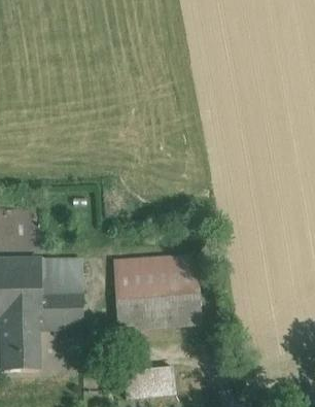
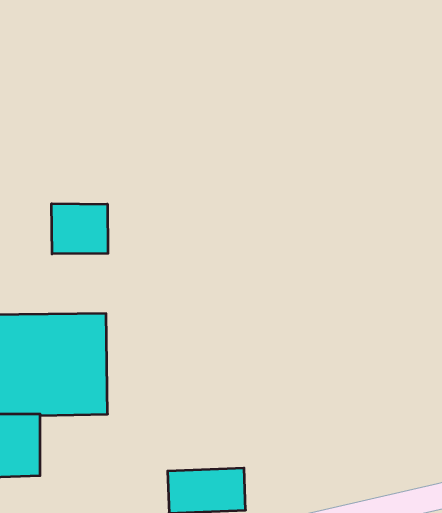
building: none -> [52,204,108,254]
building: [113,267,202,329] -> none

